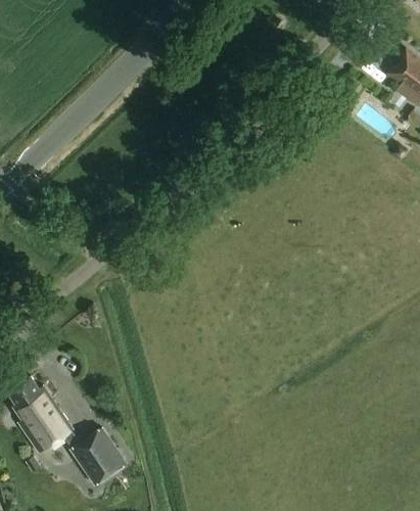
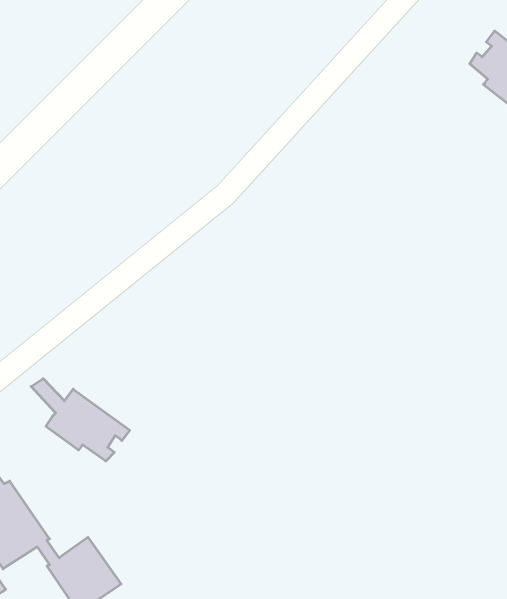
building: none -> [31,379,130,461]

